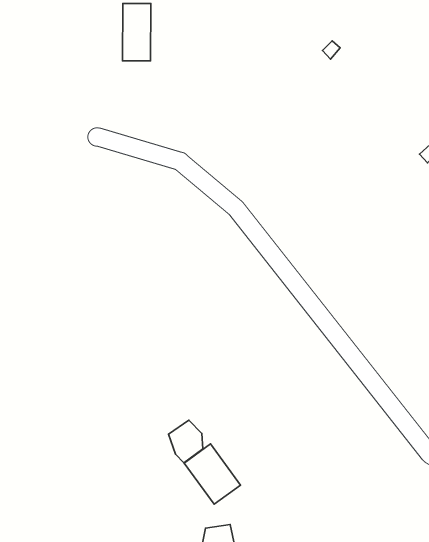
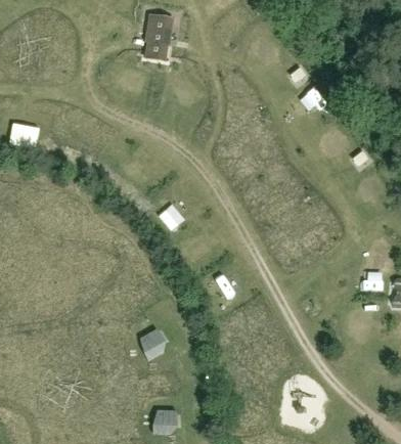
building: [184,444,241,504] -> none

